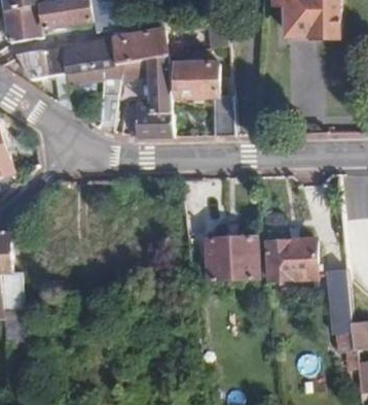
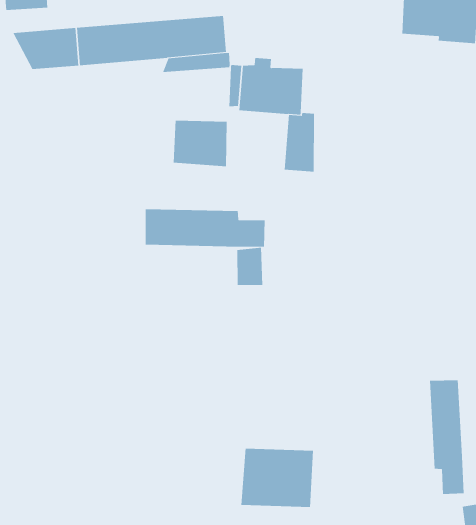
building: none -> [145,208,265,247]
building: [210,235,259,277] -> [241,448,314,508]
building: [269,239,320,277] -> none

